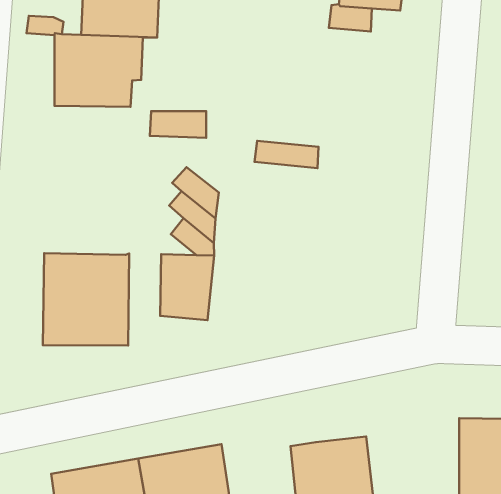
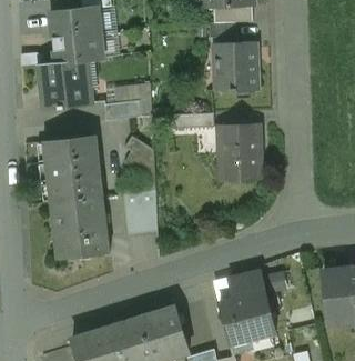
building: none -> [214,42,256,92]
building: none -> [42,136,100,202]
building: none -> [220,126,260,180]
building: none -> [229,272,265,299]

